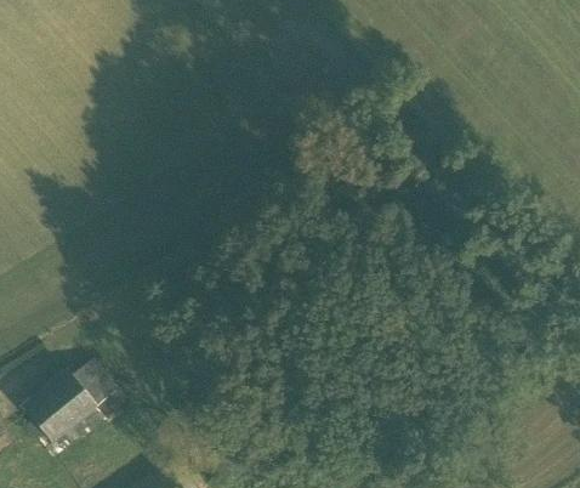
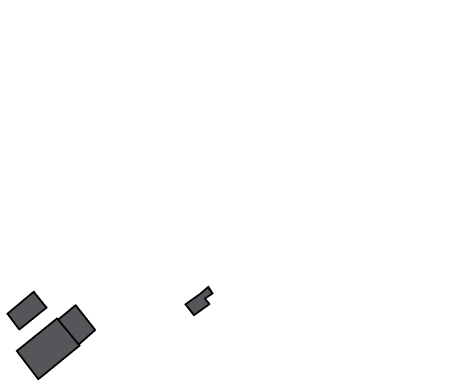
building: none -> [7,292,47,329]

